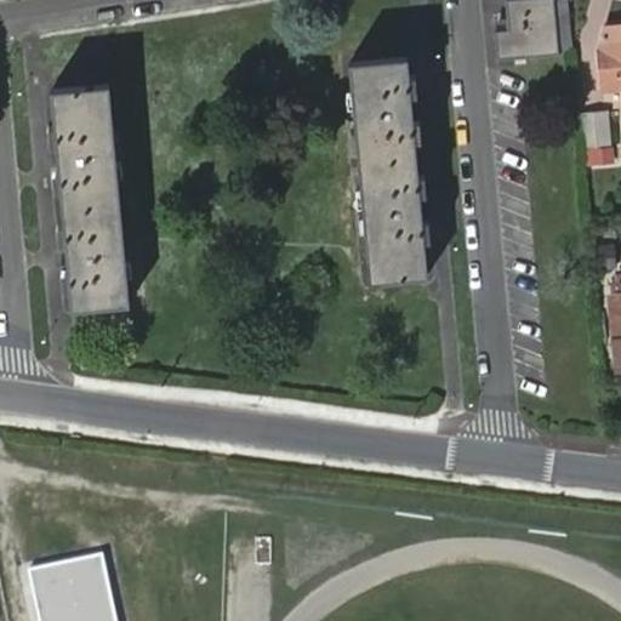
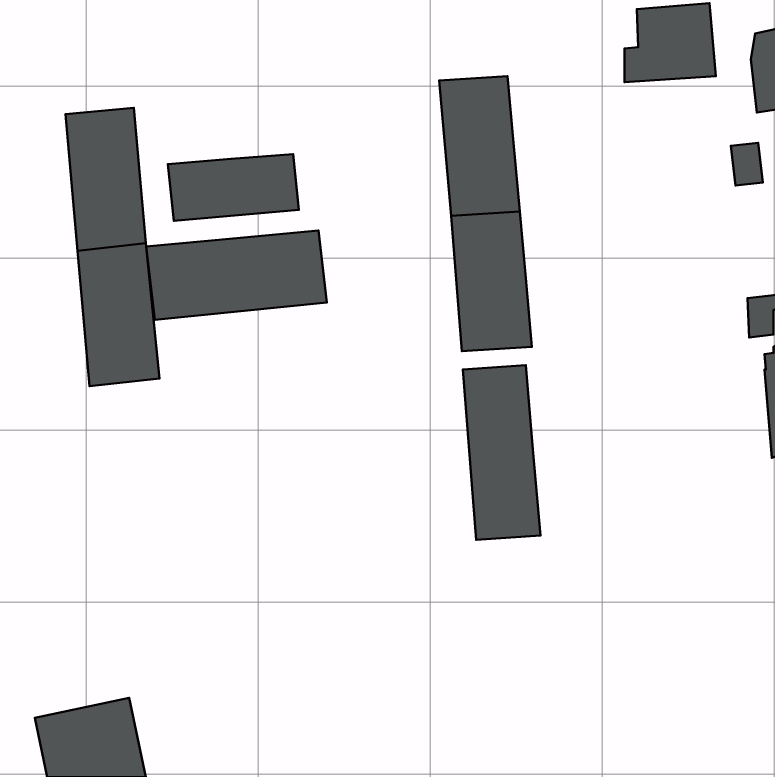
building: none -> [168,154,299,221]
building: none -> [146,231,327,320]
building: none -> [463,365,540,540]

